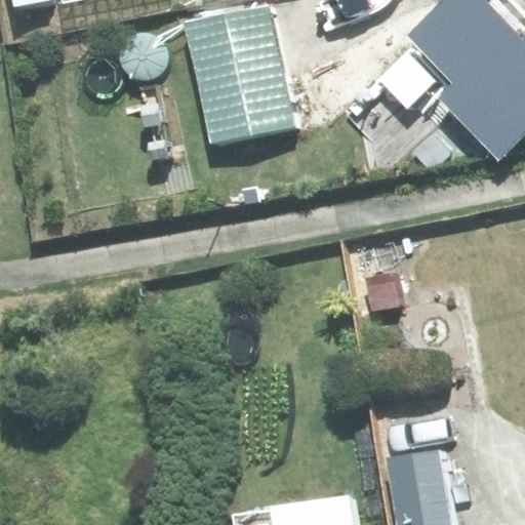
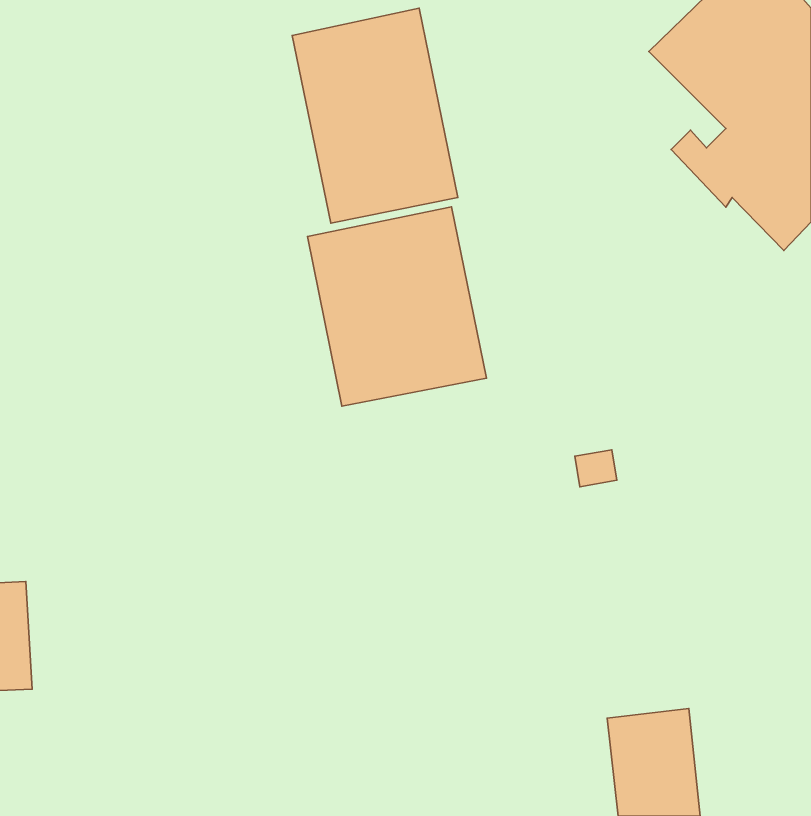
building: none -> [308,207,486,406]

